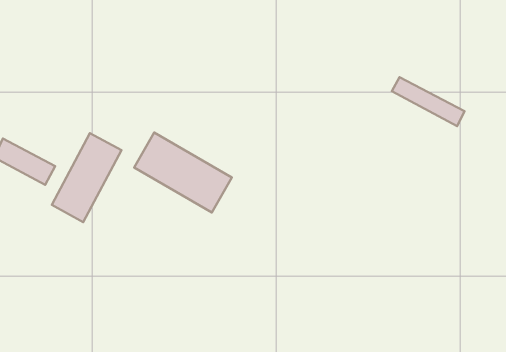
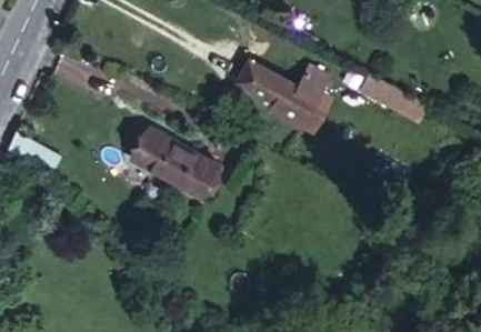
building: none -> [236,62,329,128]
building: [52,133,122,222] -> none

